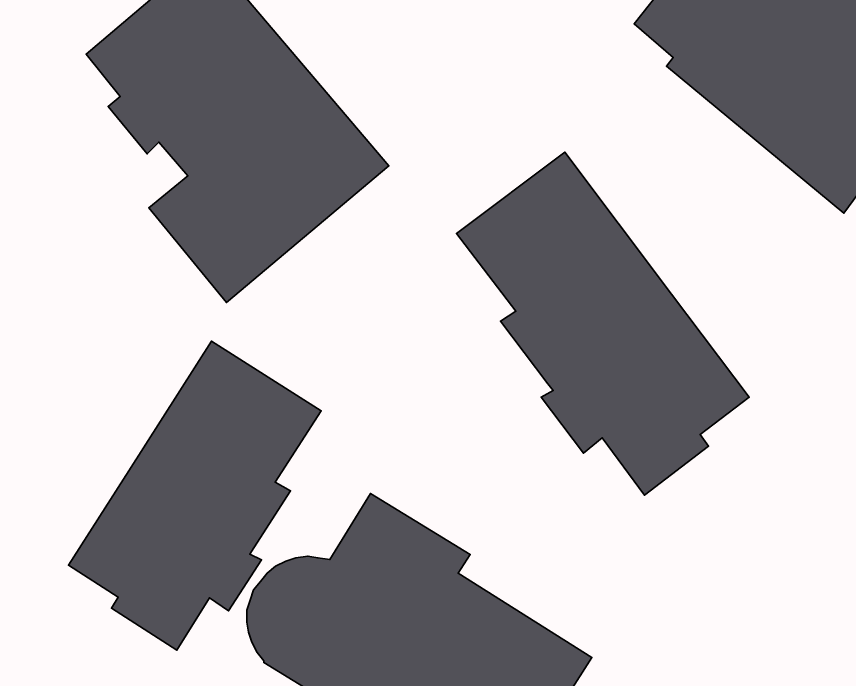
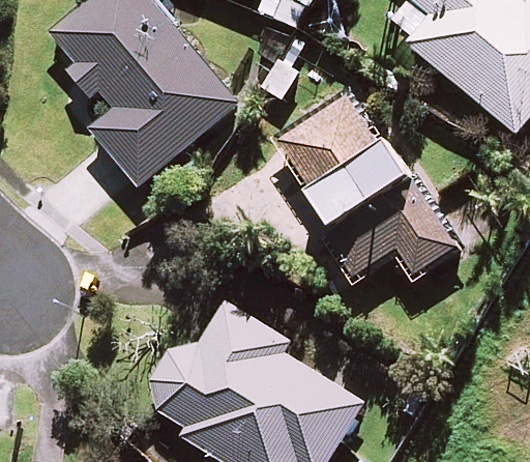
building: [68,341,321,650] -> none

